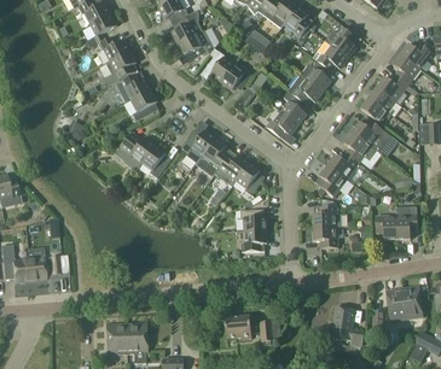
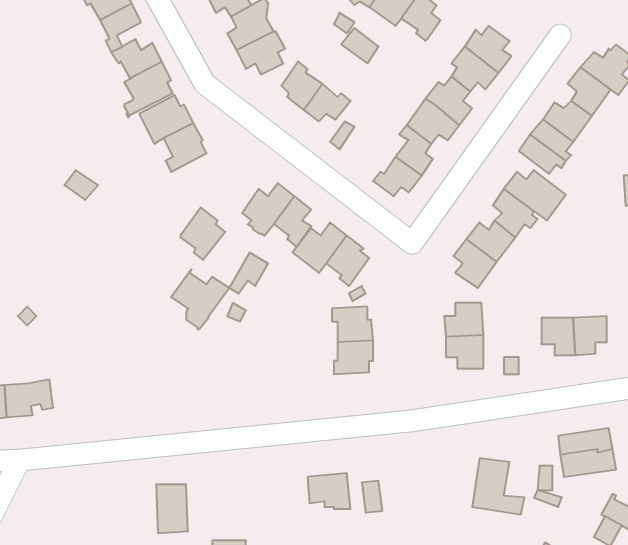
building: [118,133,156,171] -> [171,269,229,329]
building: [106,323,128,355] -> none

